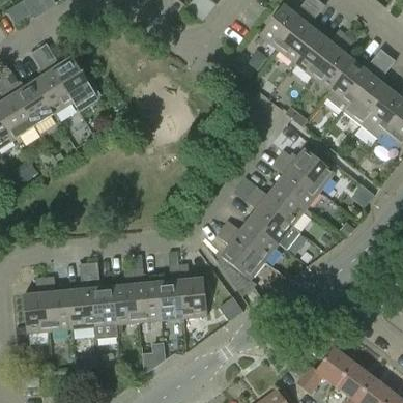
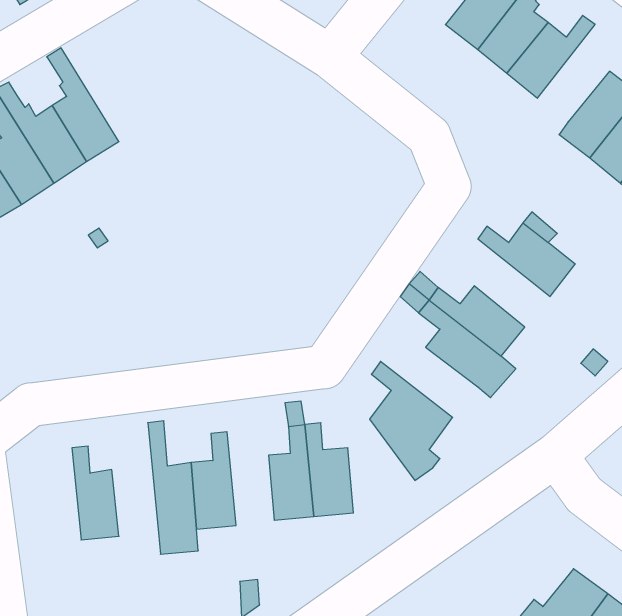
building: [312,34,353,90] -> none
building: [38,44,102,109] -> none
building: [271,157,319,208] -> none
building: [222,220,278,260] -> none
building: [132,254,161,322] -> none
building: [67,263,94,328] -> none
building: [23,278,50,333] -> none

